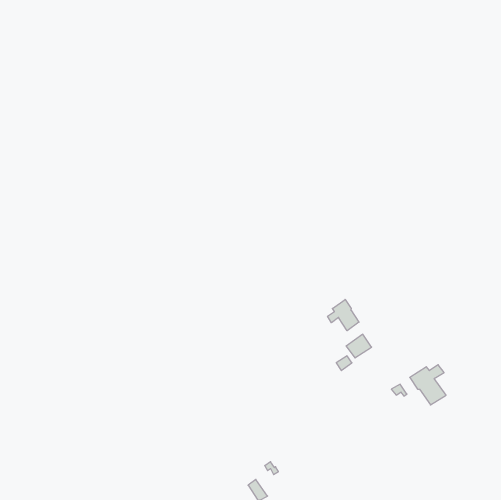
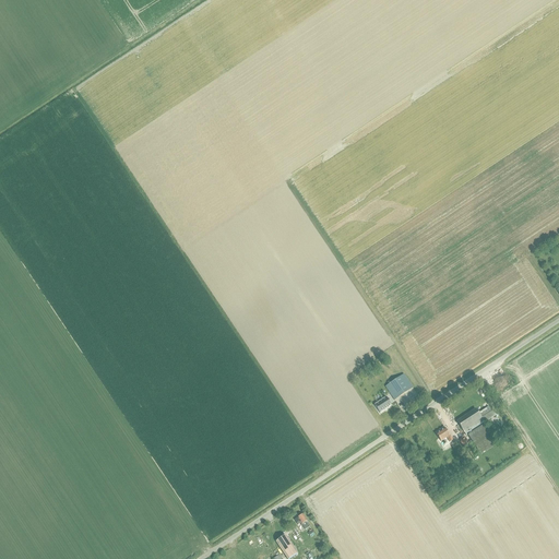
building: [328,299,359,331] -> none

